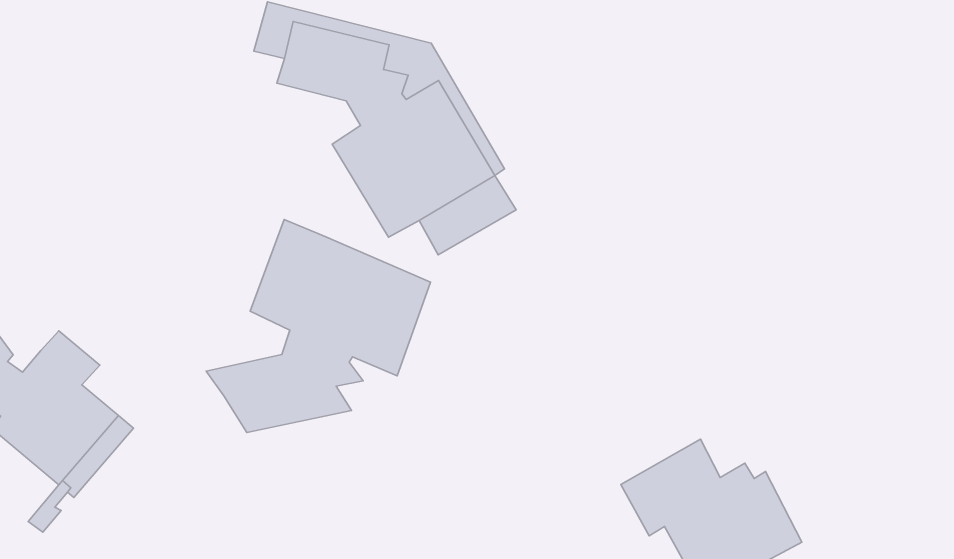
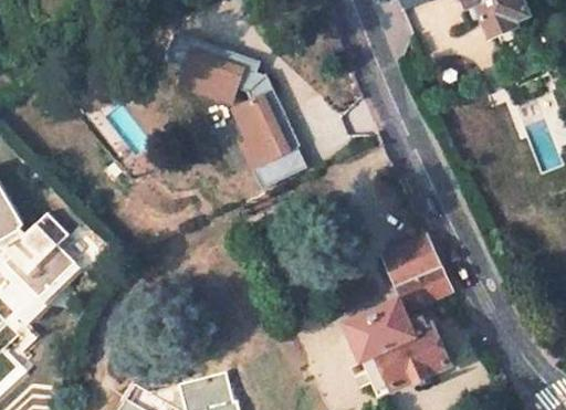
building: [206,220,431,433] -> none
building: none -> [380,233,450,307]

